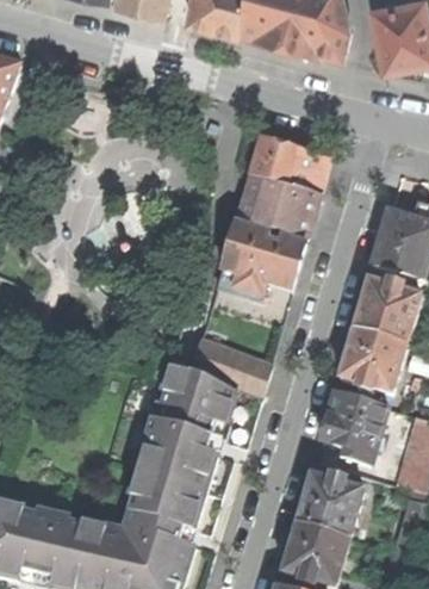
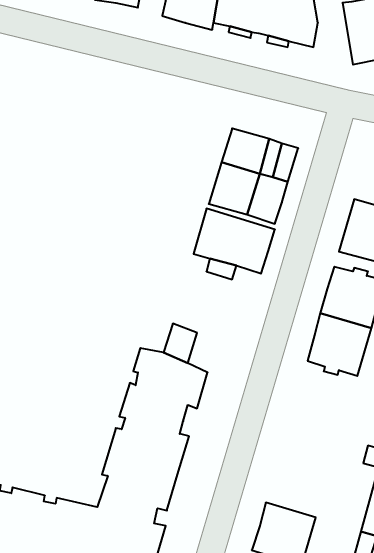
building: [216,347,271,398] -> none
building: [319,390,385,464] -> none
building: [296,472,361,537] -> none

